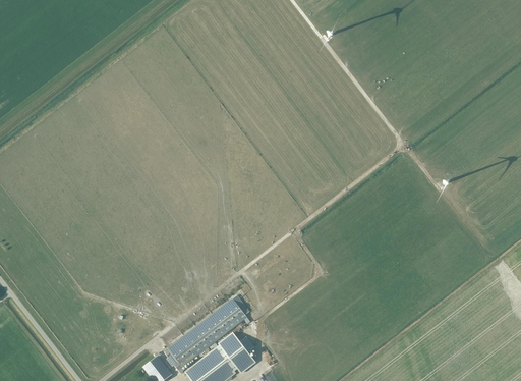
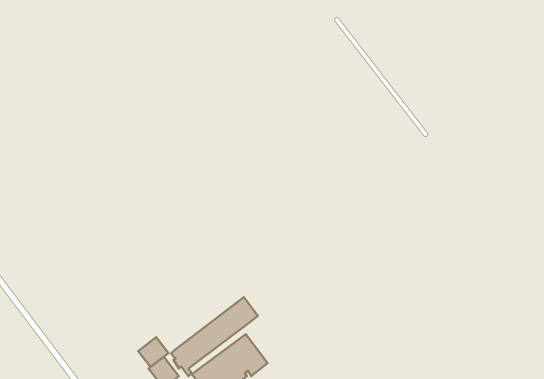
building: none -> [138,337,168,367]

